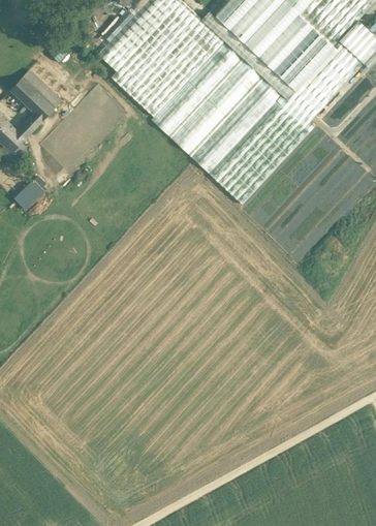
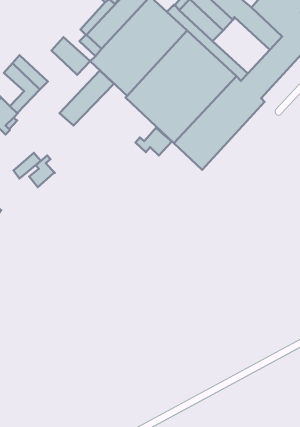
building: [252,23,319,89] -> none
building: none -> [52,37,90,75]
building: none -> [60,70,114,126]
building: none -> [136,127,172,155]
building: none -> [29,156,55,187]

